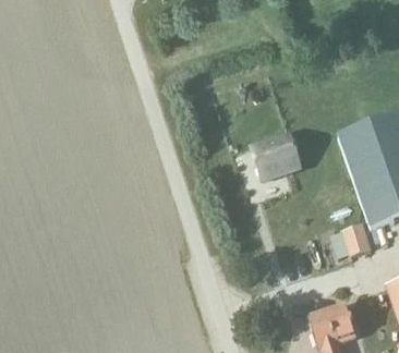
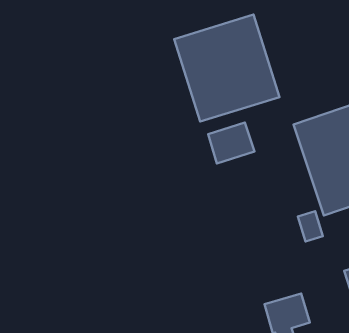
building: none -> [174,14,279,122]

